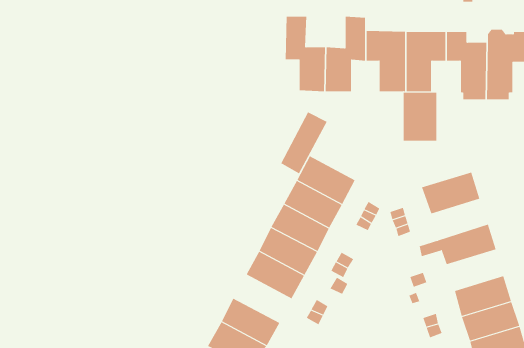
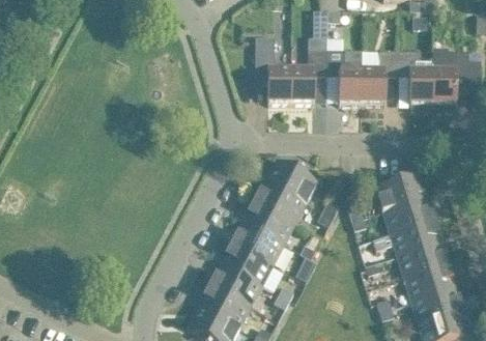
building: [403,92,437,141] -> none
building: [280,112,328,174] -> none
building: none -> [382,198,433,234]
building: none -> [396,243,447,279]
building: none -> [208,264,260,307]

